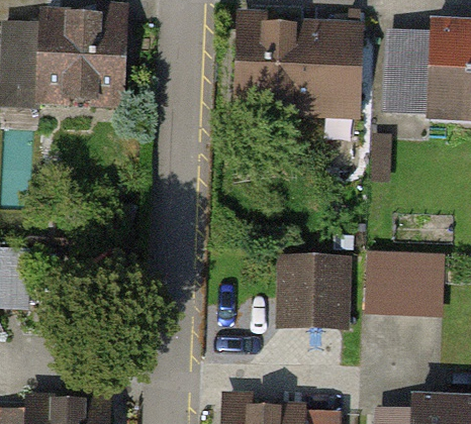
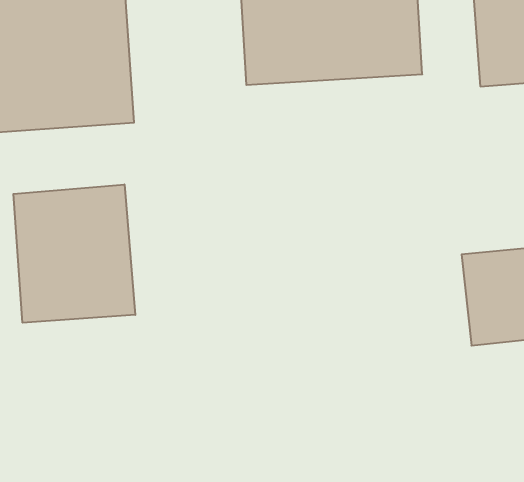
building: none -> [13,184,135,323]
building: [271,254,346,321] -> none

